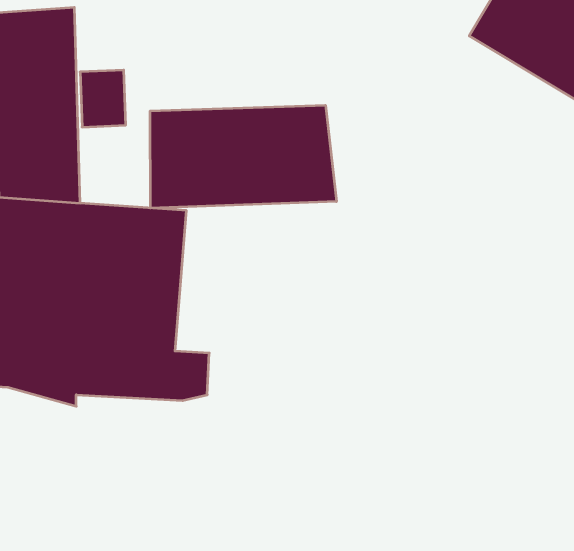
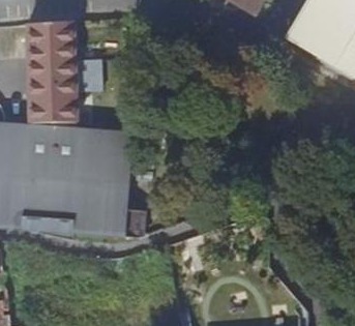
building: [150,105,336,208] -> none

